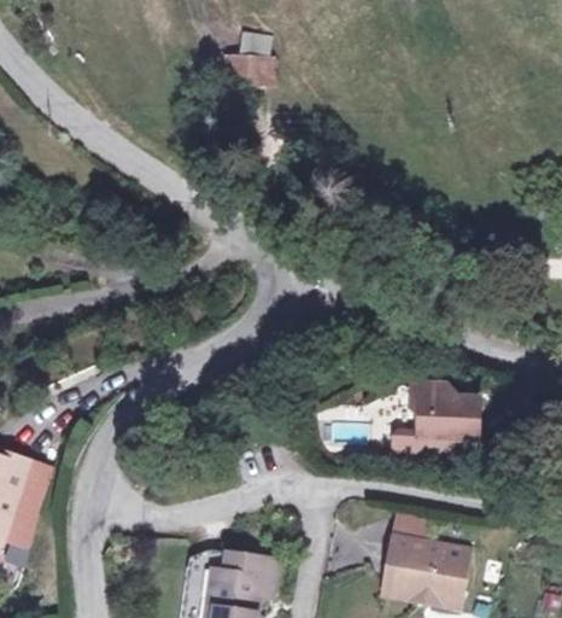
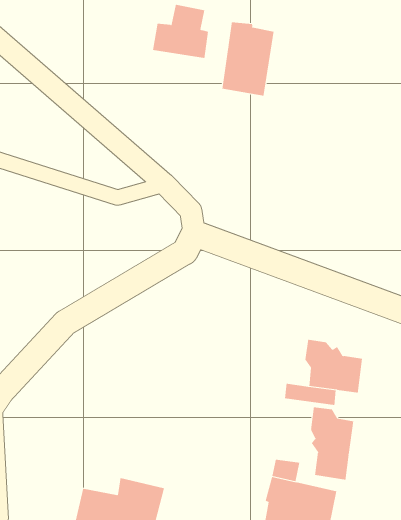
building: none -> [222,22,274,96]
building: none -> [311,406,354,480]

